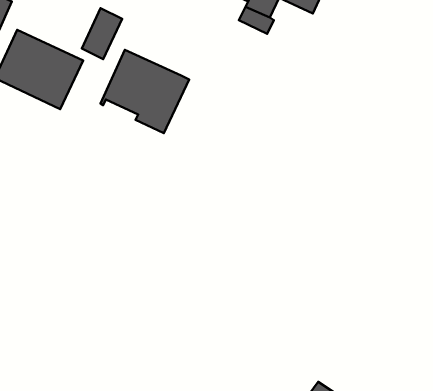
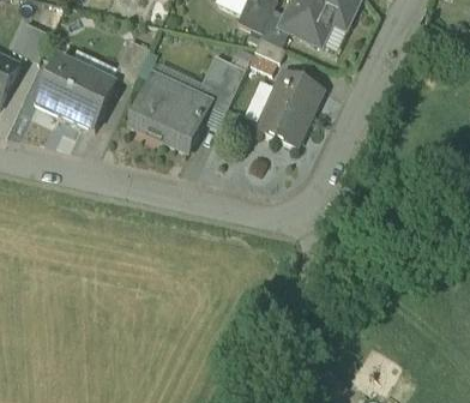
building: none -> [203,56,246,108]
building: none -> [257,68,323,144]

